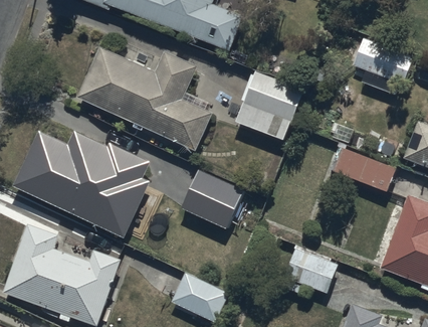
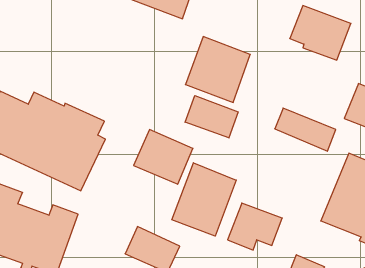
building: [76,45,212,152] -> none
building: none -> [185,96,238,138]
building: none -> [172,163,236,236]

